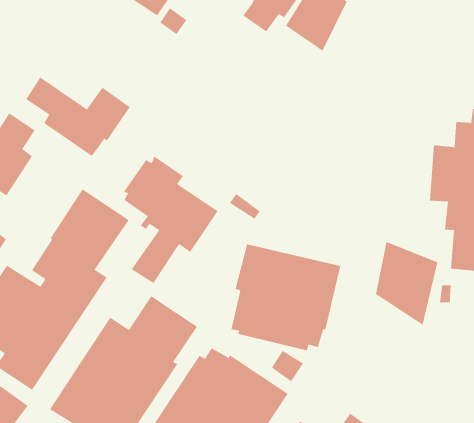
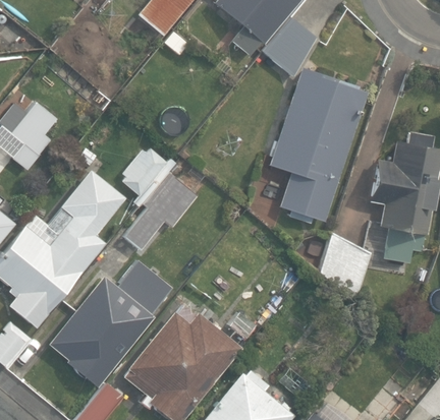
building: none -> [267,65,372,225]
building: [25,76,130,157] -> none
building: [231,244,341,351] -> none

